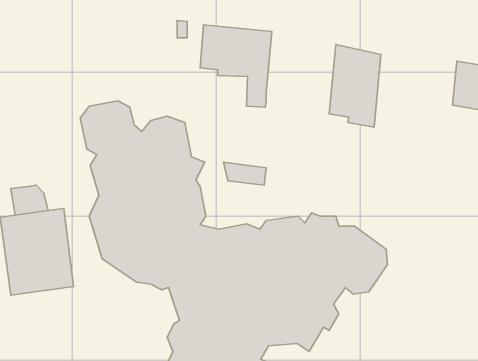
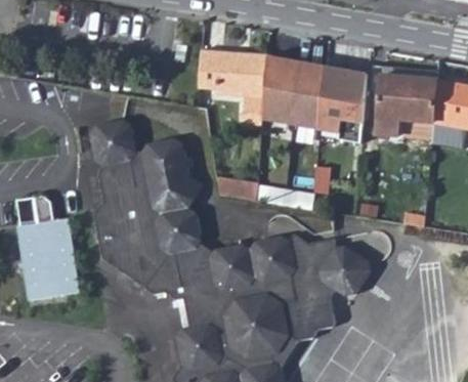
building: none -> [261,54,326,131]
building: none -> [377,77,438,138]

